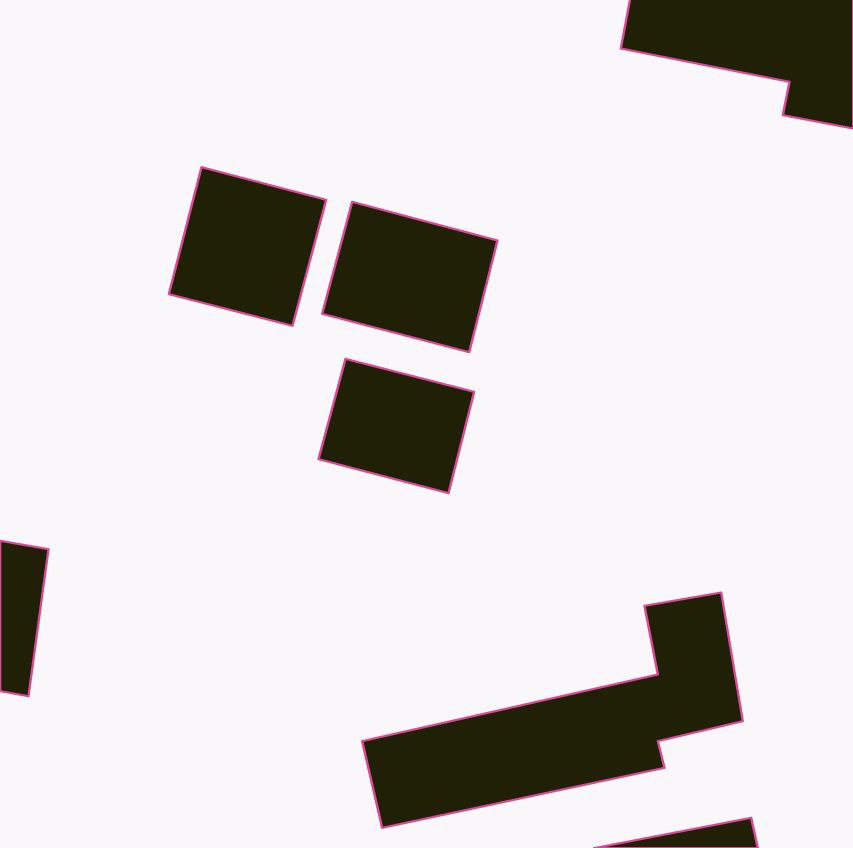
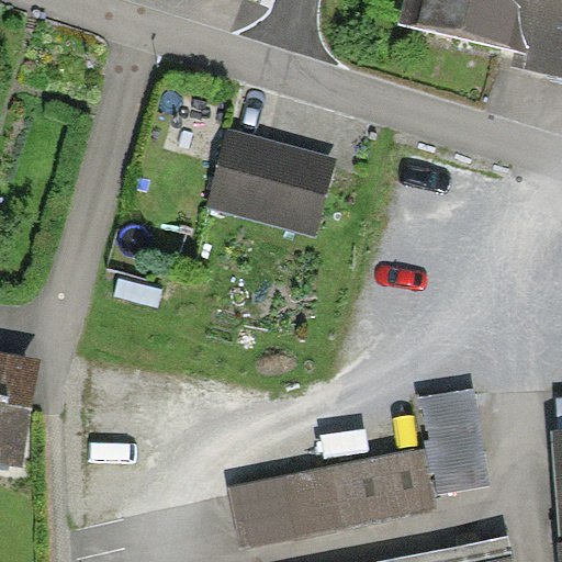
building: [169,167,326,326] -> none
building: [318,359,474,493] -> none

